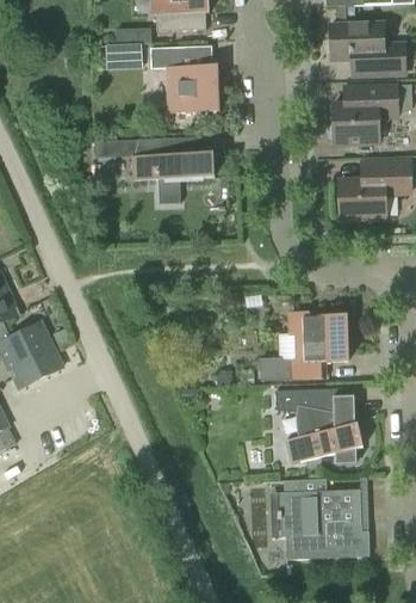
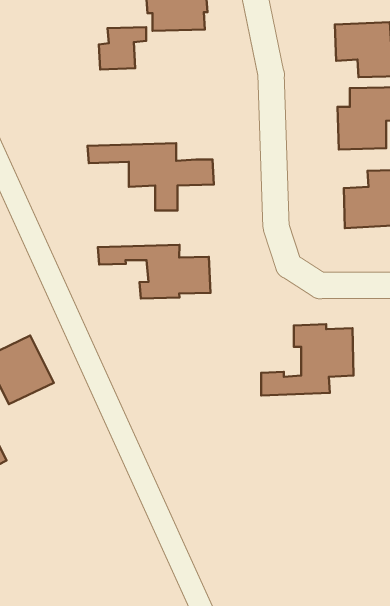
building: [150,47,219,113] -> none
building: none -> [98,245,210,298]
building: [275,387,362,463] -> none
building: [280,479,370,558] -> none

